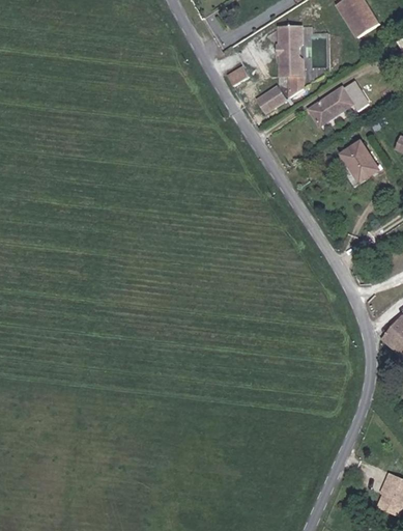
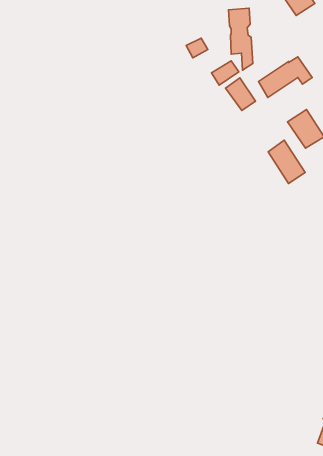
building: none -> [226,78,256,111]
building: none -> [268,140,305,184]

